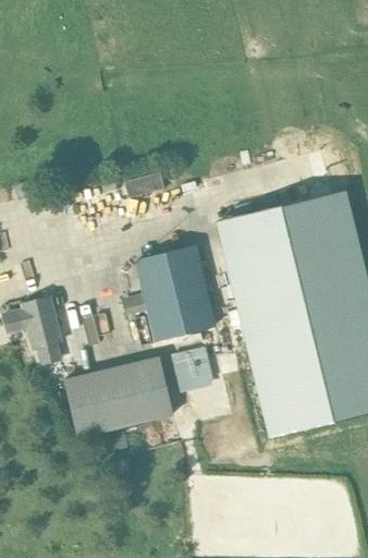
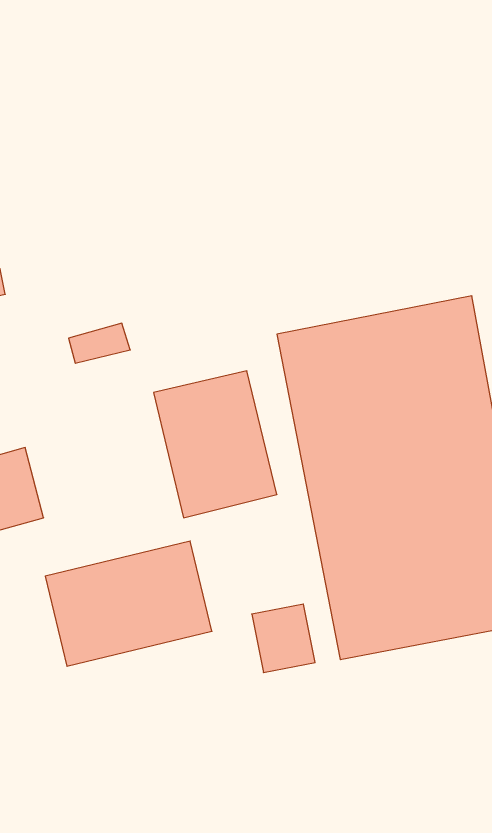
building: [126,170,167,196] -> [69,323,130,363]
building: [172,345,213,390] -> [252,604,315,673]

